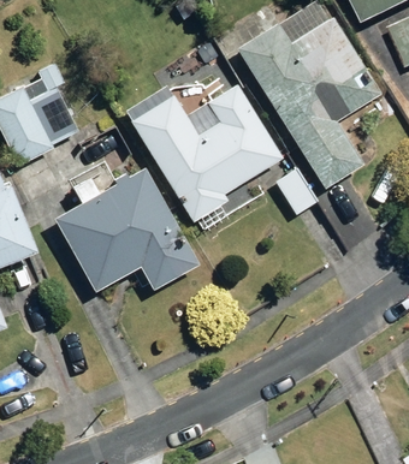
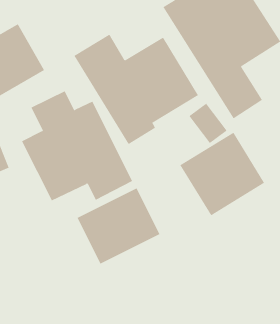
building: none -> [180,132,265,216]
building: none -> [77,188,160,264]

